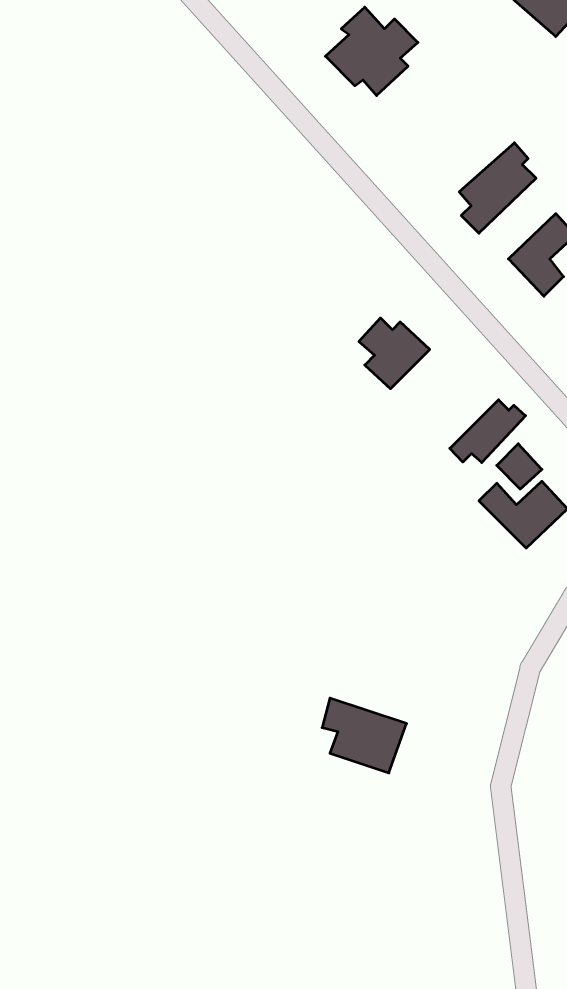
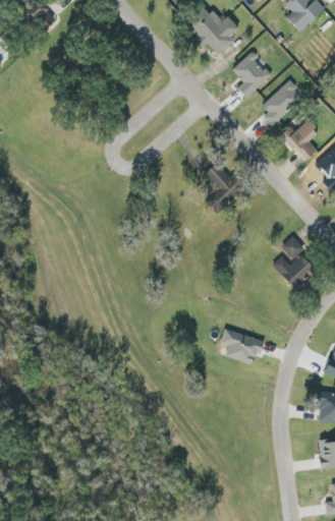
building: none -> [231,51,271,97]
building: [450,400,526,463] -> none
building: [322,698,407,773] -> [220,327,264,365]

